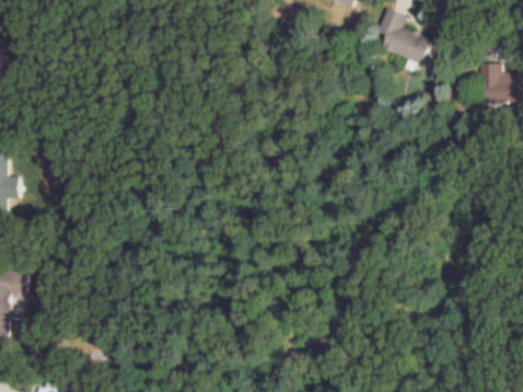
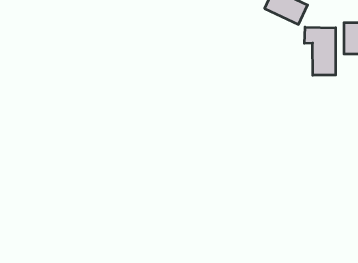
building: none -> [304,27,336,75]

